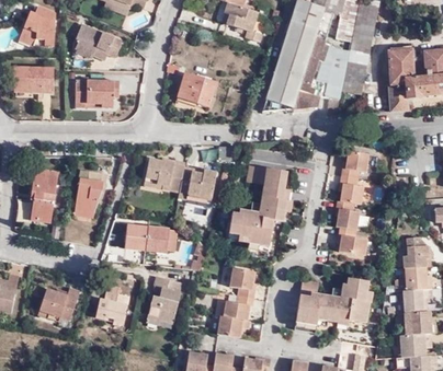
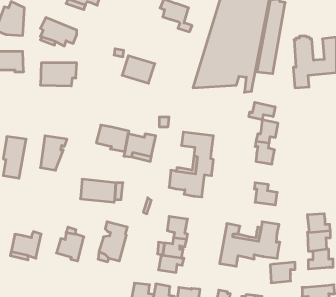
building: none -> [249,102,275,120]
building: [337,201,360,230] -> none
building: [402,236,433,267] -> none
building: [401,332,432,357] -> [270,262,295,283]

